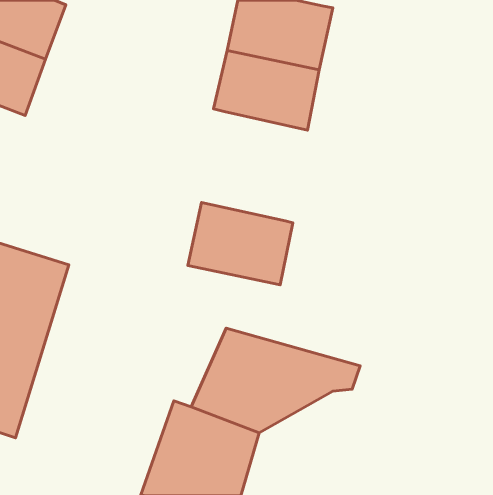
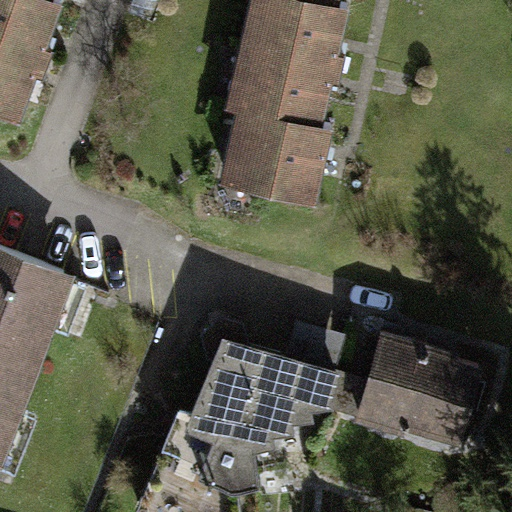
building: [188,202,293,285] -> [217,116,325,201]
building: none -> [363,333,483,435]

